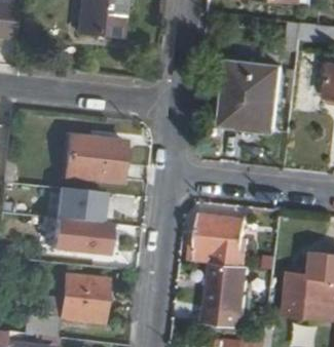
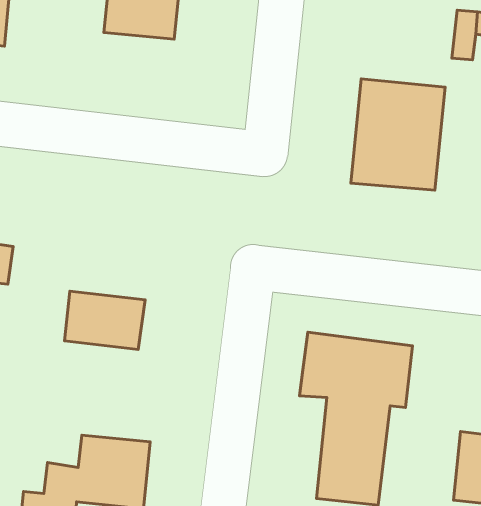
building: [64,137,127,180] -> none
building: [51,218,110,256] -> none

